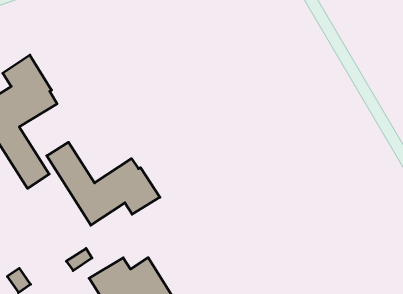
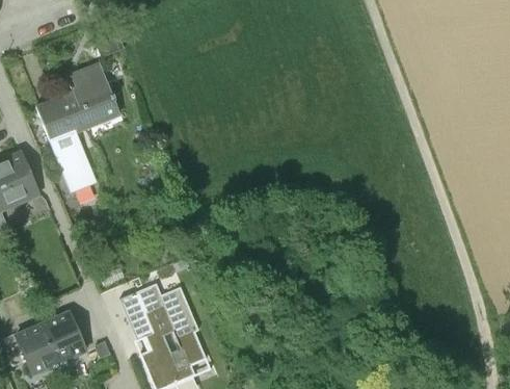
building: [47,142,160,225] -> none

